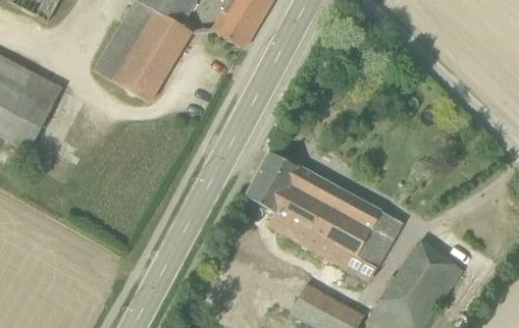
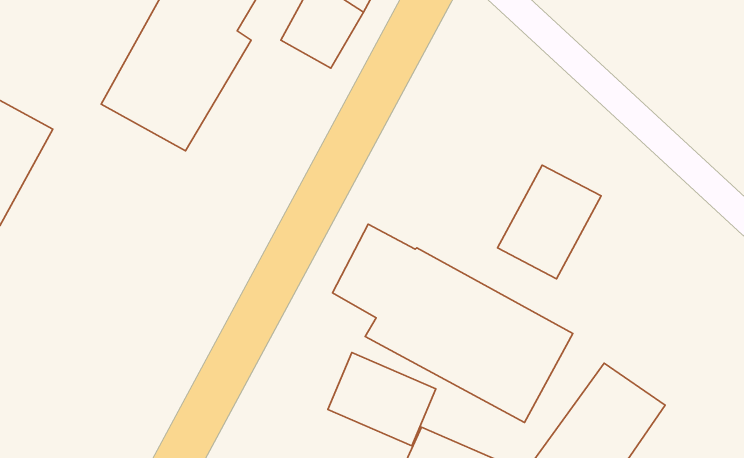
building: none -> [498,165,601,279]
building: none -> [328,353,436,446]

